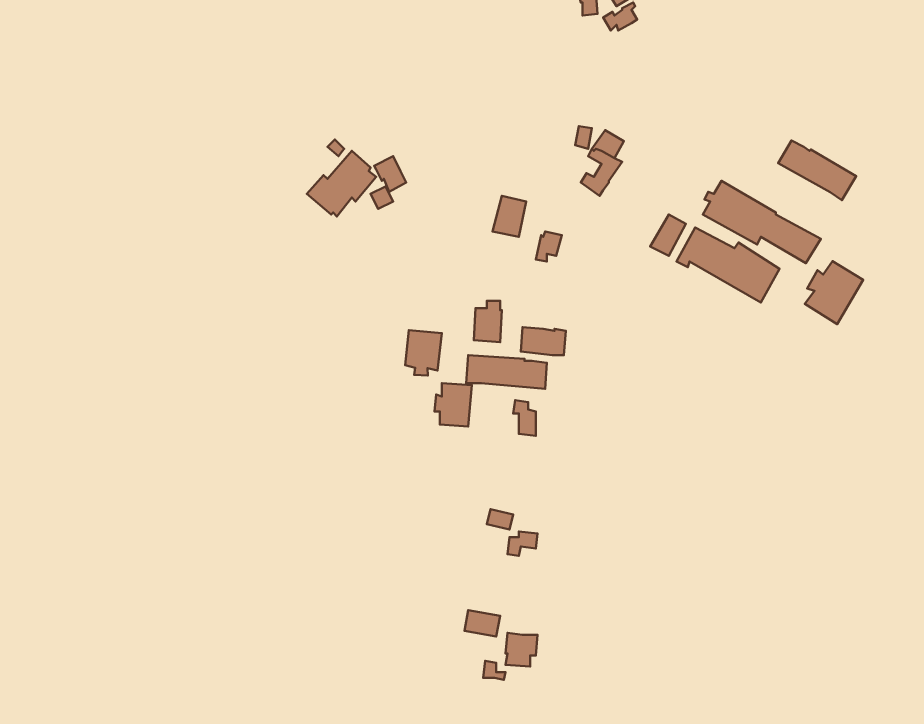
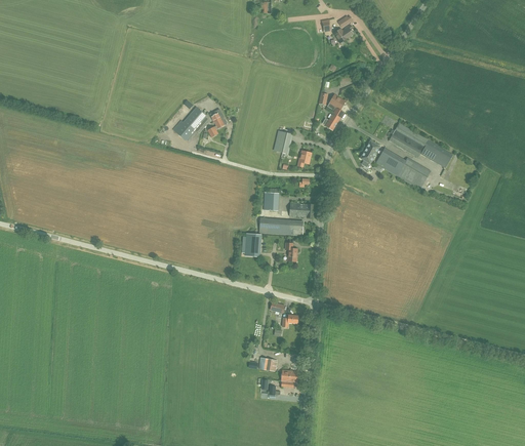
building: [778,140,856,200] -> none
building: [805,261,863,324] -> none
building: [405,330,442,375] -> none

